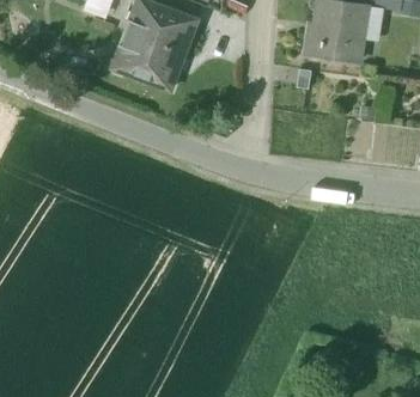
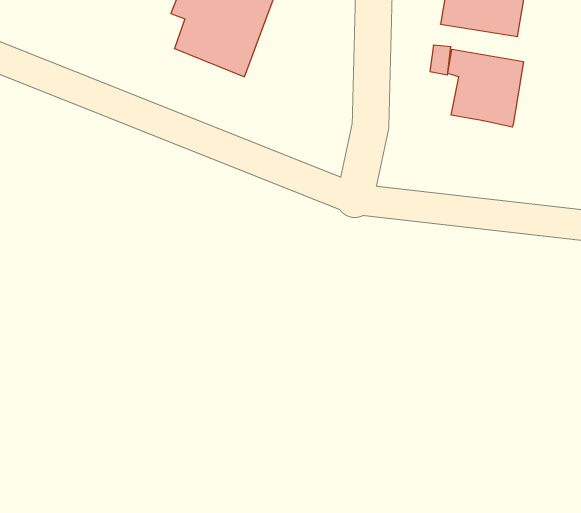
building: none -> [448,49,523,127]

